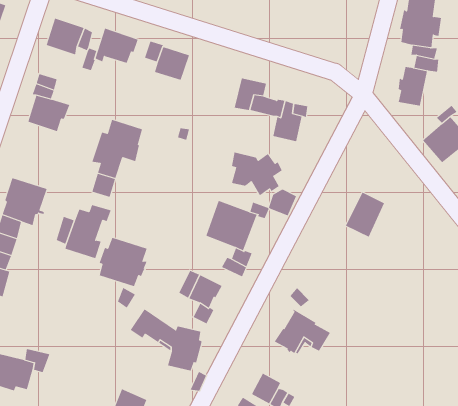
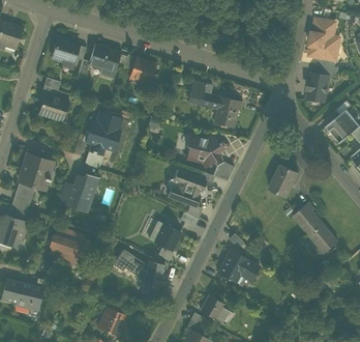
building: [99,237,147,287] -> [49,227,84,263]
building: none -> [293,205,338,253]

